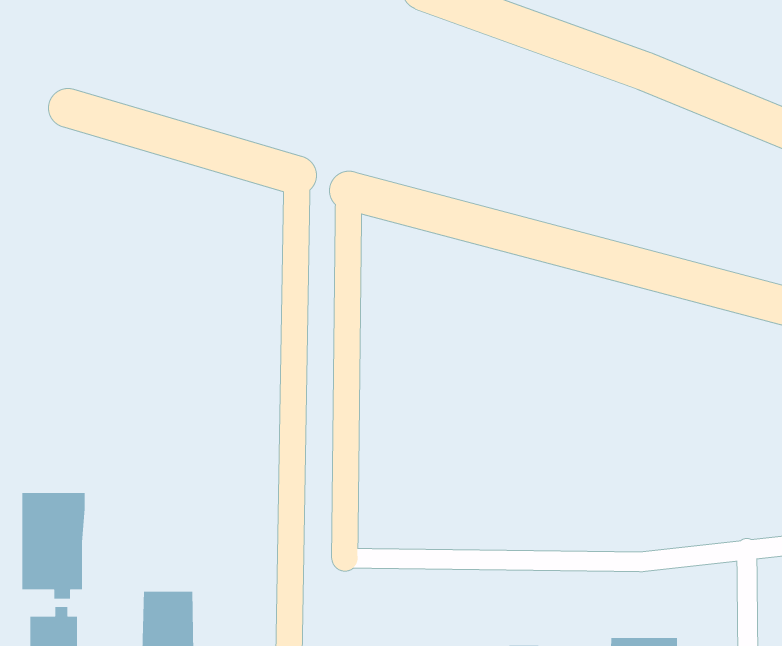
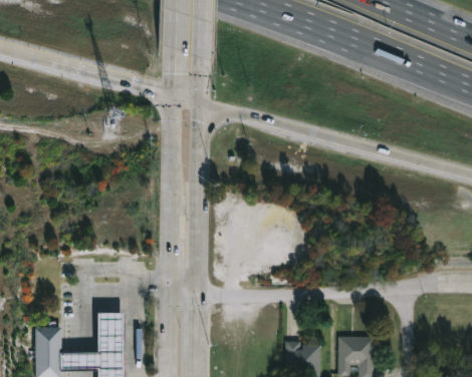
building: [22,492,85,599] -> none

